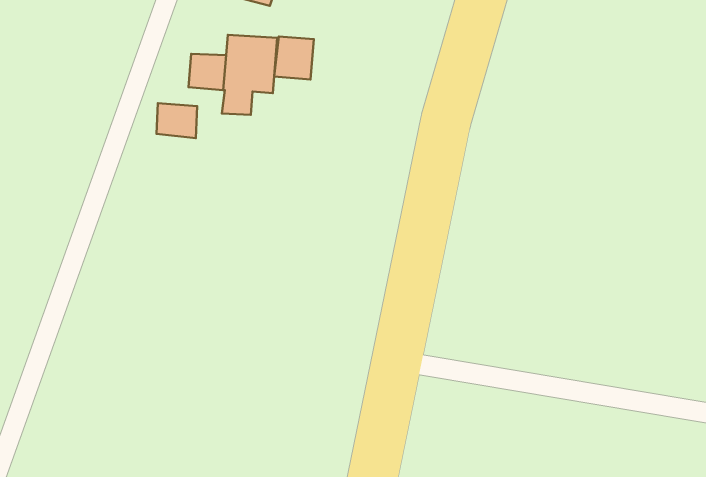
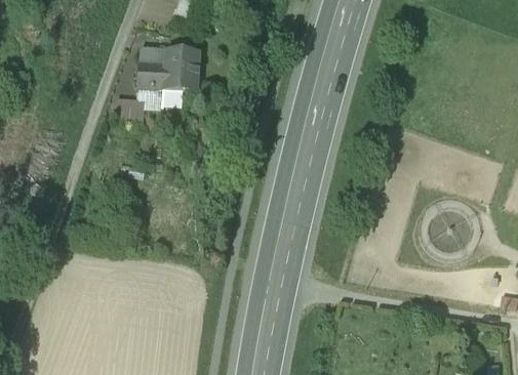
building: [274,36,314,79] -> none

